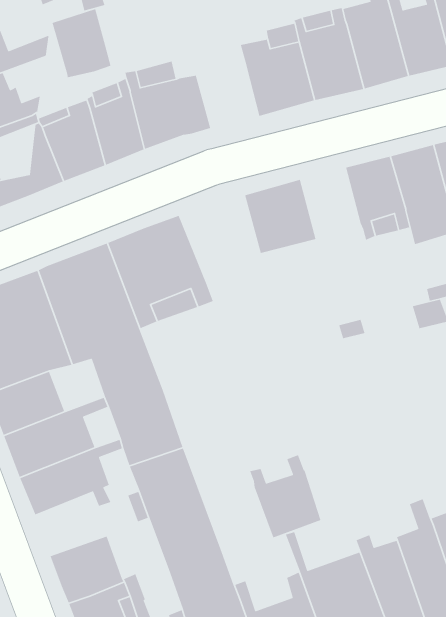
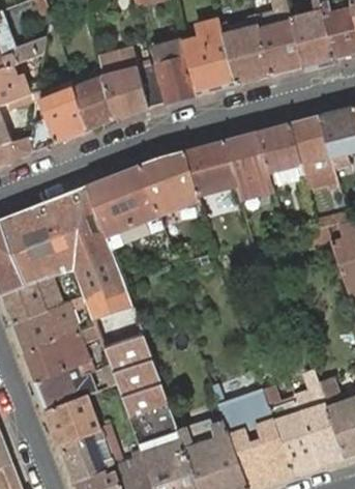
building: [51,8,111,78] -> none
building: none -> [157,59,196,103]
building: none -> [226,132,273,199]
building: none -> [139,151,199,214]
building: [249,454,321,538] -> none
building: none -> [35,365,96,410]

